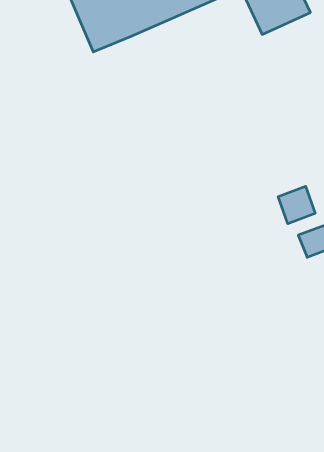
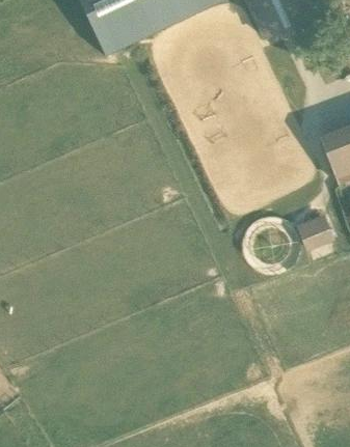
building: [278,186,315,224] -> none

